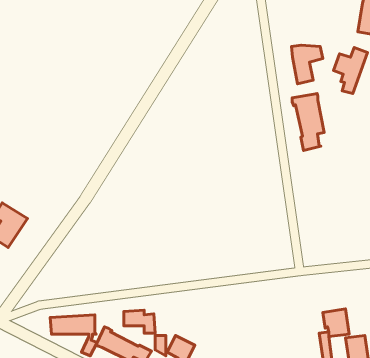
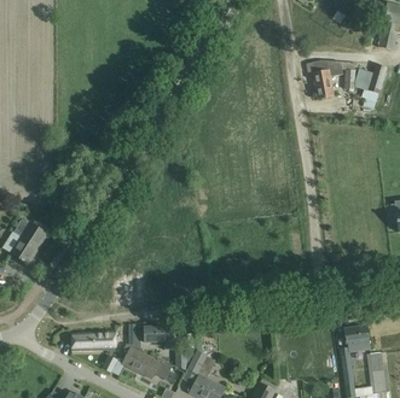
building: [292,93,324,151] -> none

